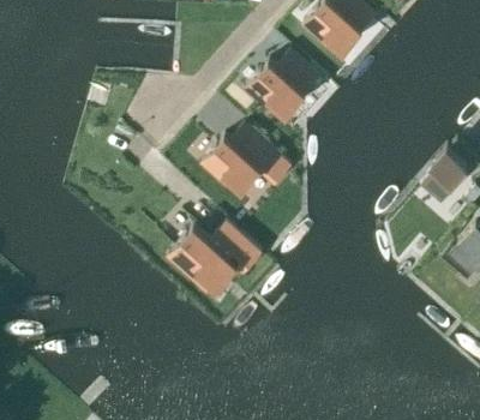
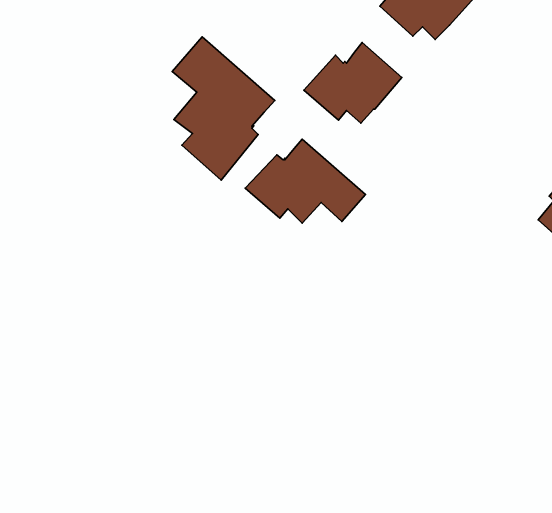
building: none -> [172,37,275,180]
building: [170,222,264,292] -> none

